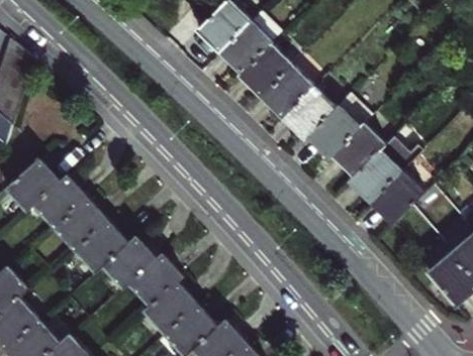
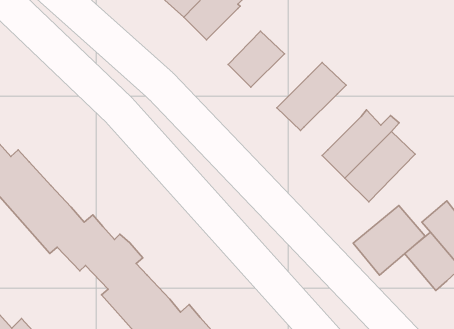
building: [239,41,291,94] -> none
building: [282,84,336,137] -> none
building: [332,121,385,173] -> none
building: none -> [353,205,425,275]

